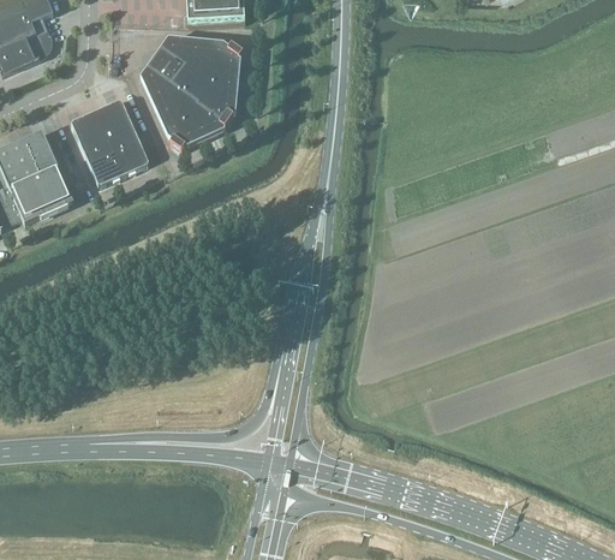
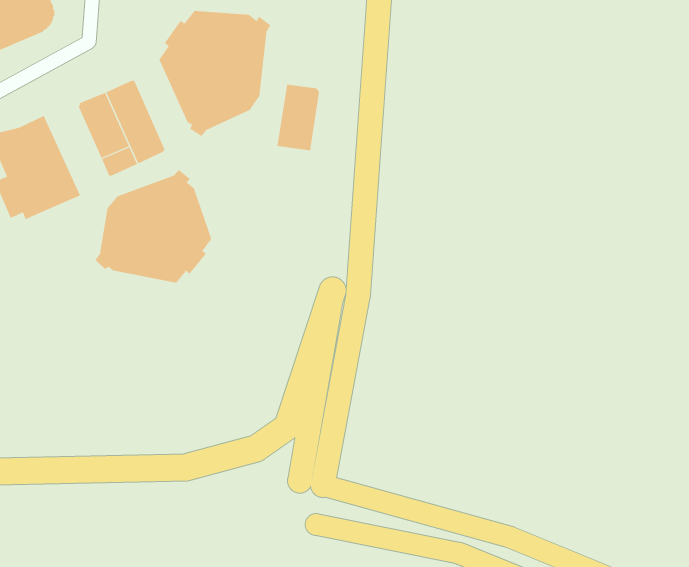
building: none -> [277,84,320,151]
building: none -> [95,169,212,284]

